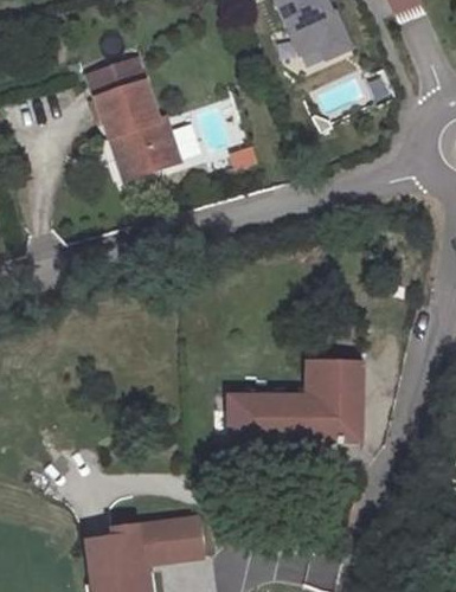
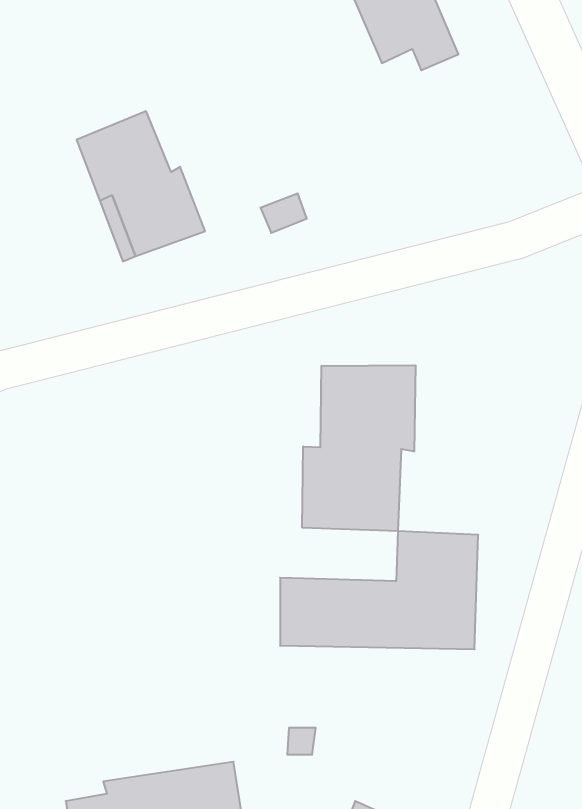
building: [88,59,143,103] -> none
building: none -> [302,365,416,531]

